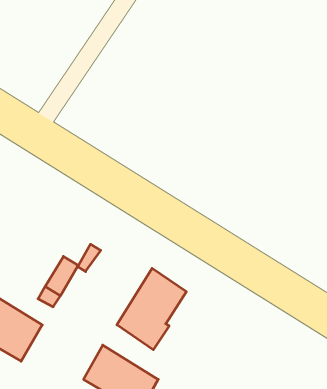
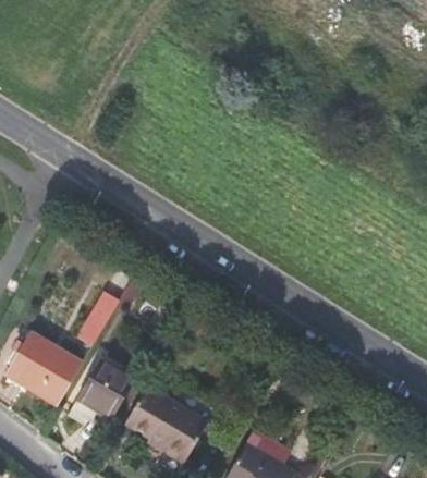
building: [117,268,186,350] -> none
building: none -> [76,360,134,419]

